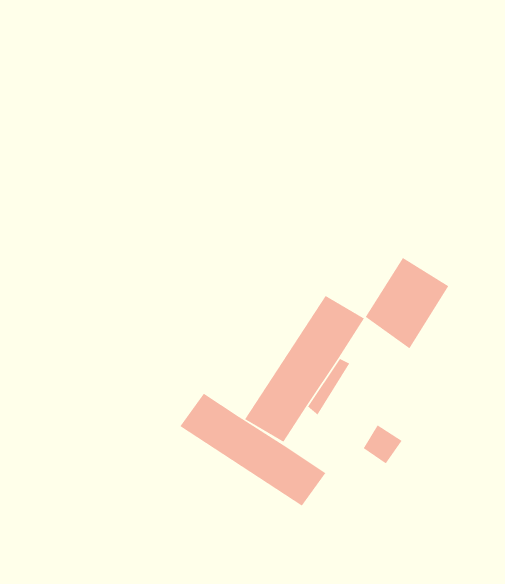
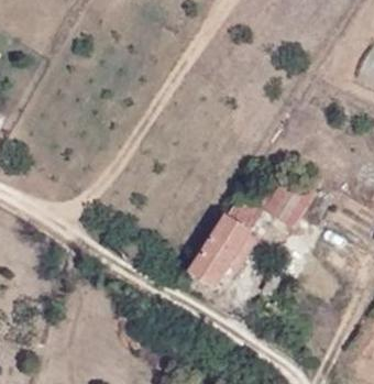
building: [179,393,326,506] -> none

